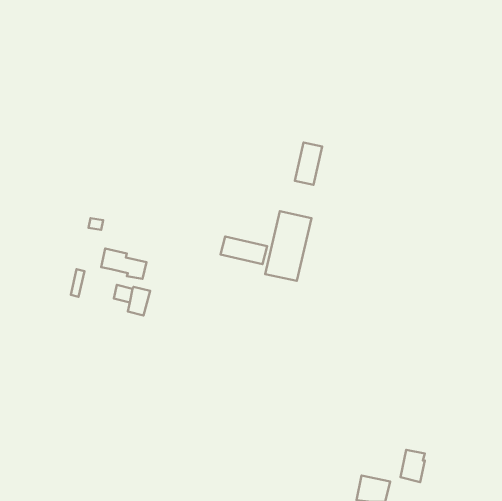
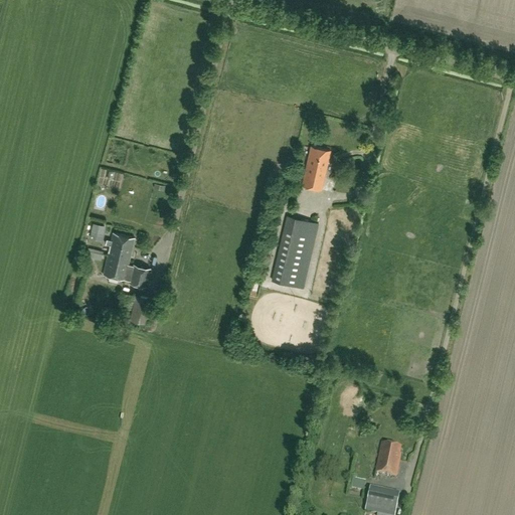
building: none -> [108,233,135,261]
building: [220,236,267,264] -> none
building: [400,450,425,482] -> [376,446,401,479]

